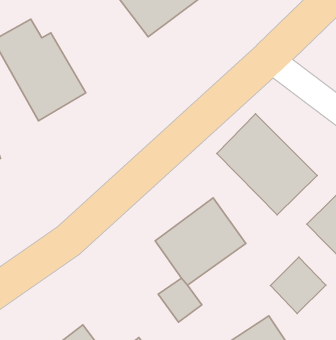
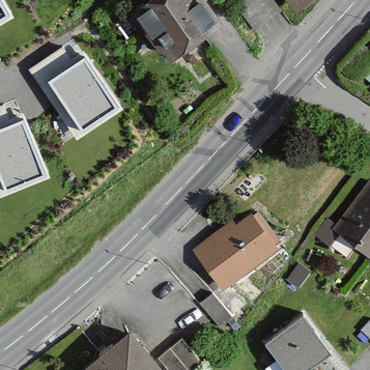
building: [217,114,317,215] -> none
building: [270,257,326,313] -> none

